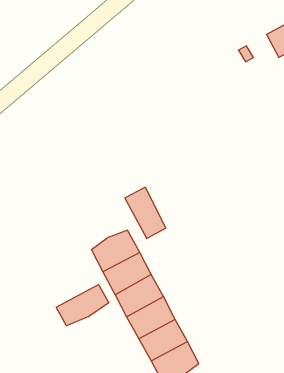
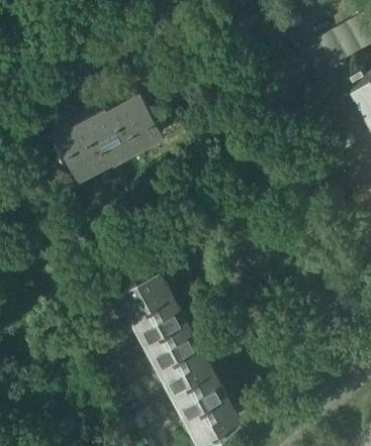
building: none -> [53,95,163,184]
building: [125,187,166,239] -> none
building: [56,285,109,326] -> none

